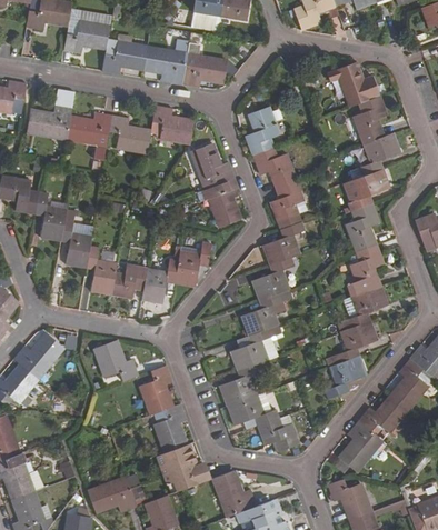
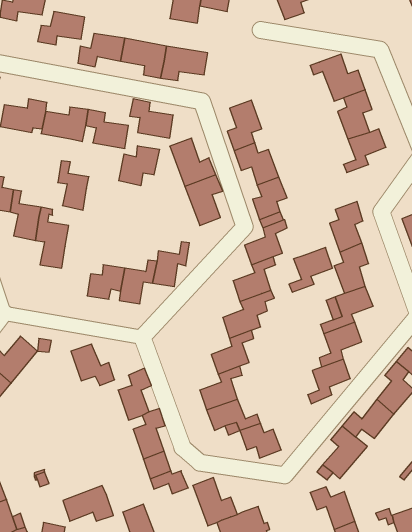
building: none -> [119,146,159,186]
building: [347,168,389,211] -> [289,247,333,292]
building: [86,247,116,294] -> [58,161,89,210]

